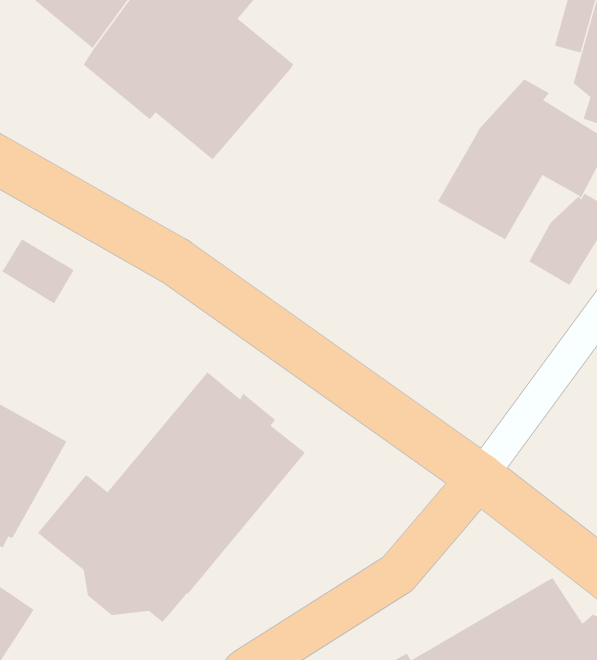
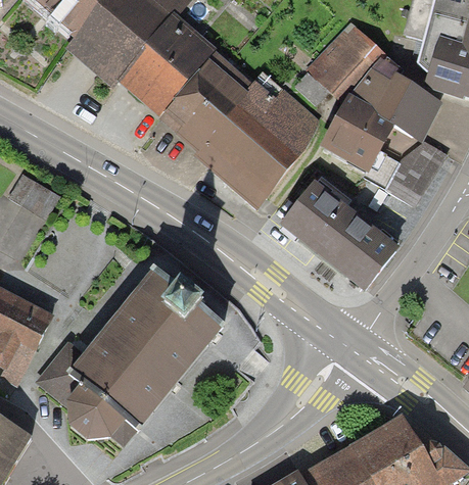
building: none -> [307,20,385,99]
building: none -> [156,50,321,208]
building: none -> [278,180,400,292]

